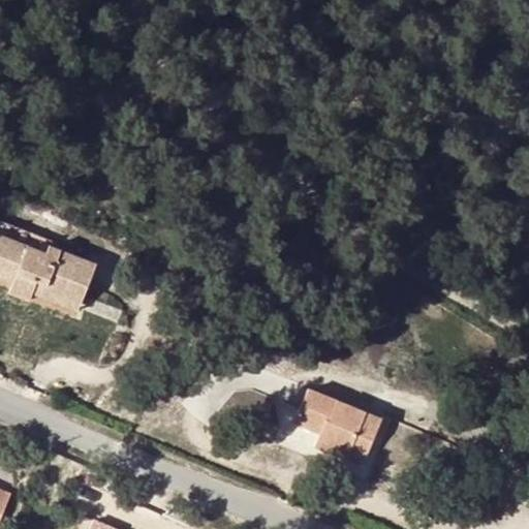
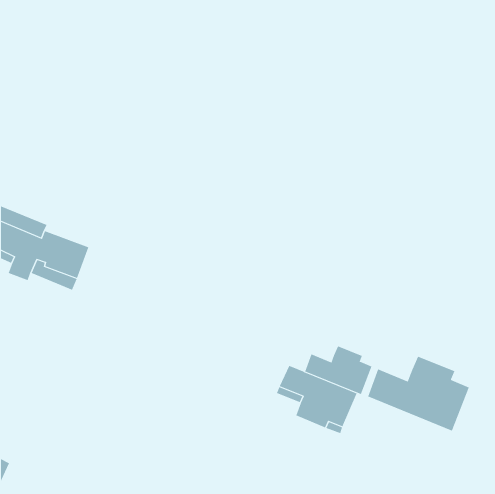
building: none -> [305,346,372,395]
building: none -> [367,356,469,431]

